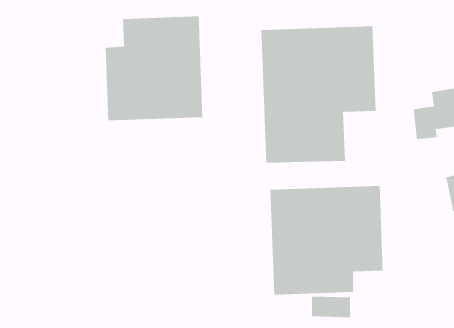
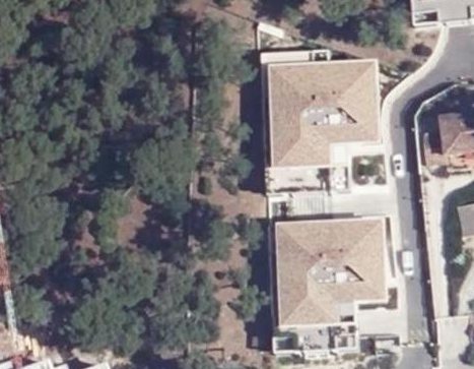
building: [105,16,203,121] -> none

